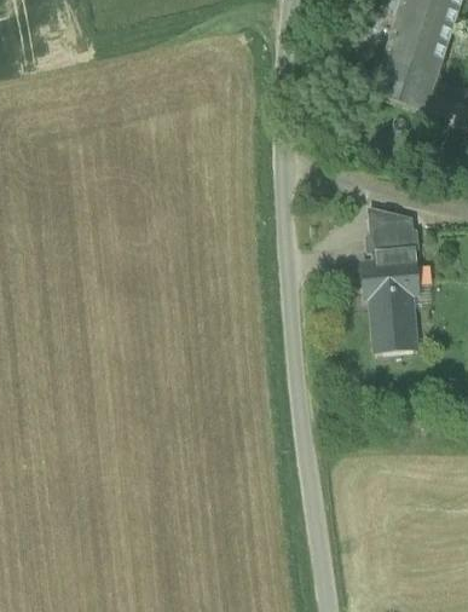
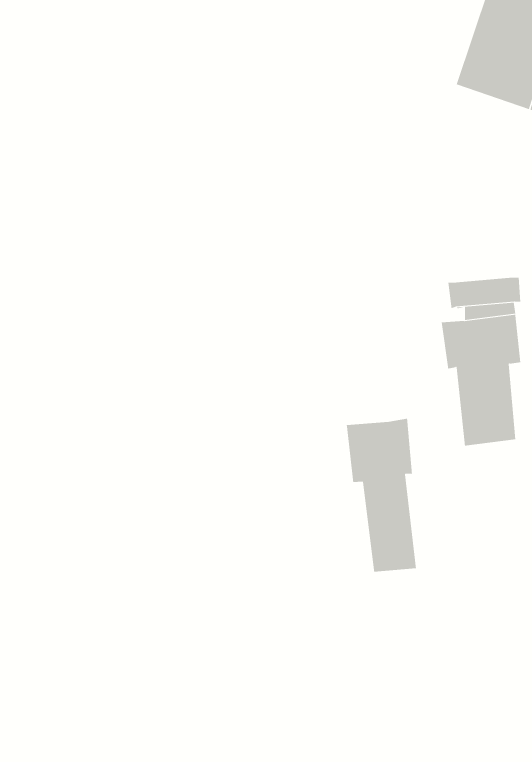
building: [369,206,412,232] -> none
building: none -> [346,418,416,572]

